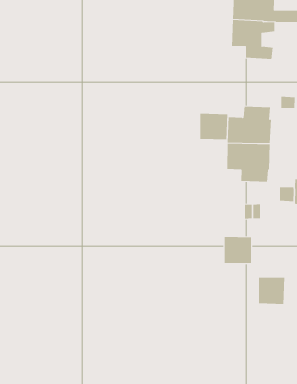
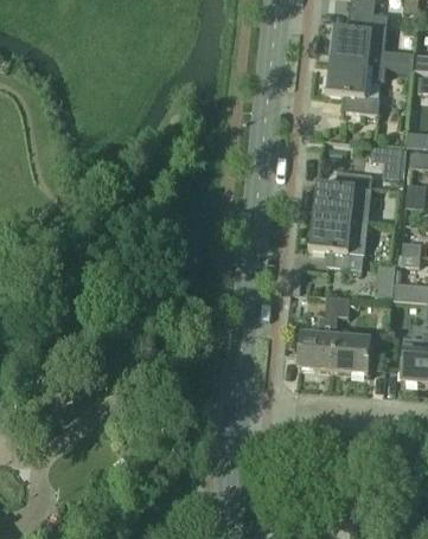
building: [200,113,228,140] -> none
building: [258,277,285,304] -> [334,336,371,373]

